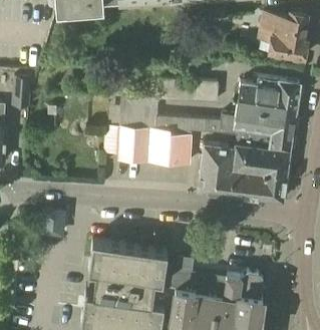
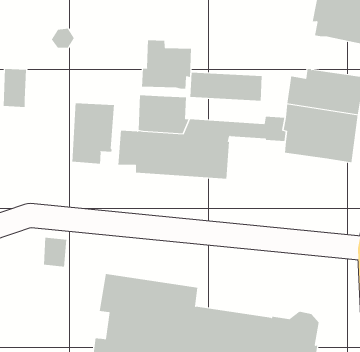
building: none -> [141,39,192,89]
building: none -> [72,103,115,164]
building: [195,142,291,201] -> none

